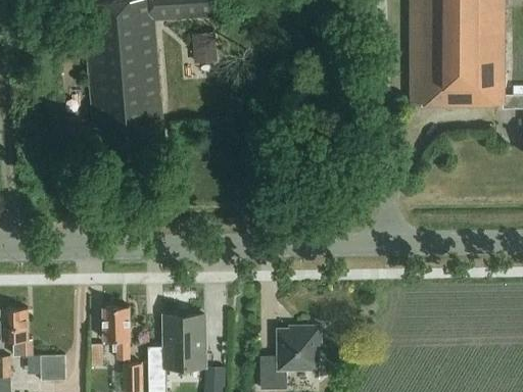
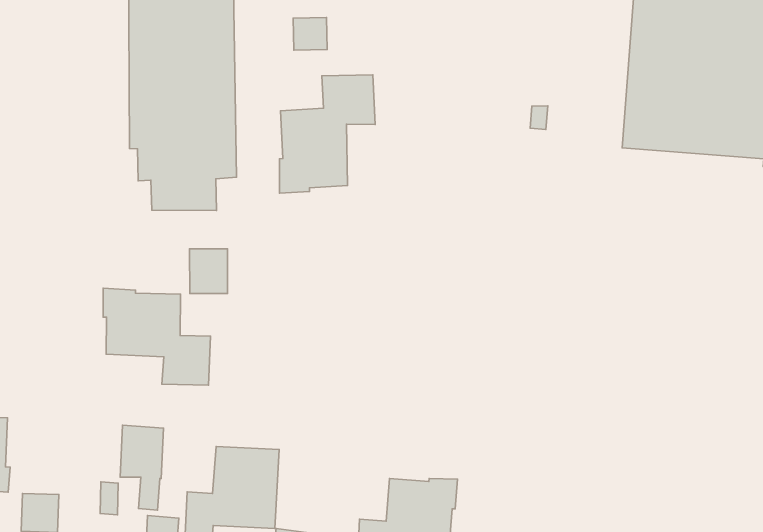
building: none -> [279,75,375,193]
building: none -> [190,249,228,294]
building: none -> [103,288,211,385]

